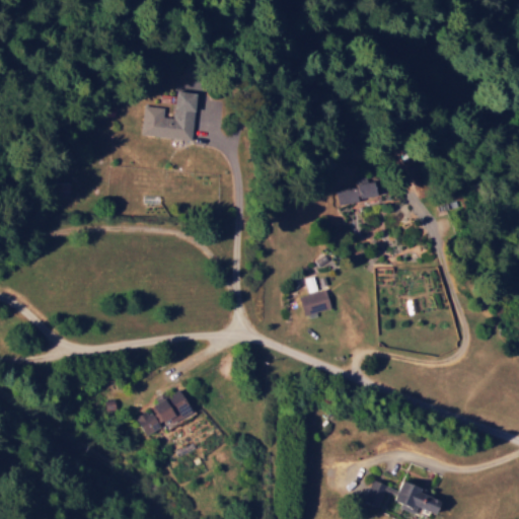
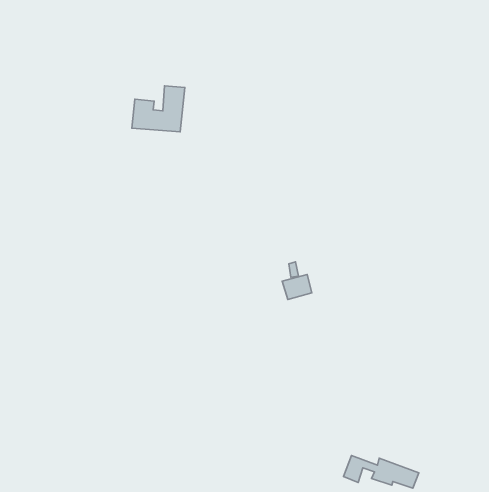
building: [337,180,380,205] -> none
building: [137,389,193,435] -> none

